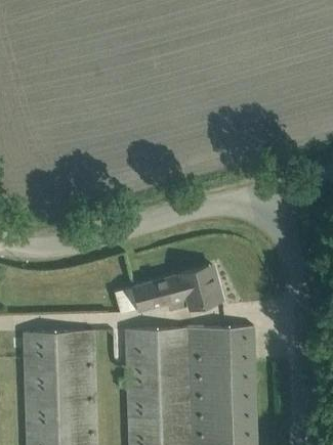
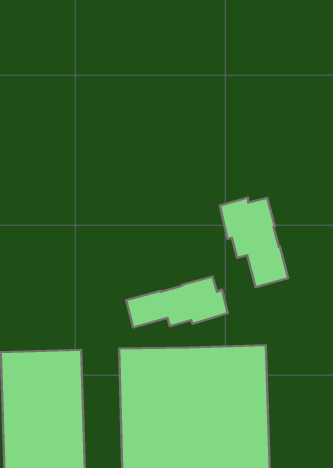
building: none -> [220,197,288,287]

